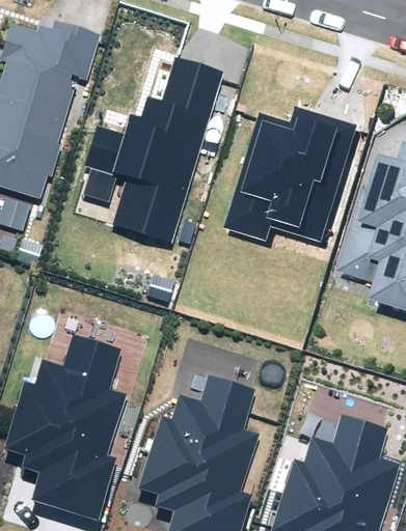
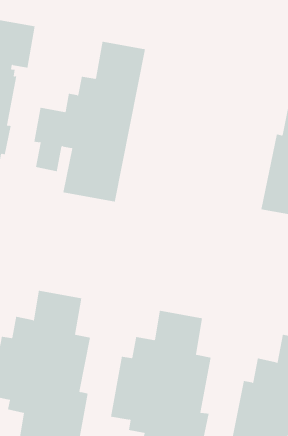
building: [221,106,357,243] -> none

